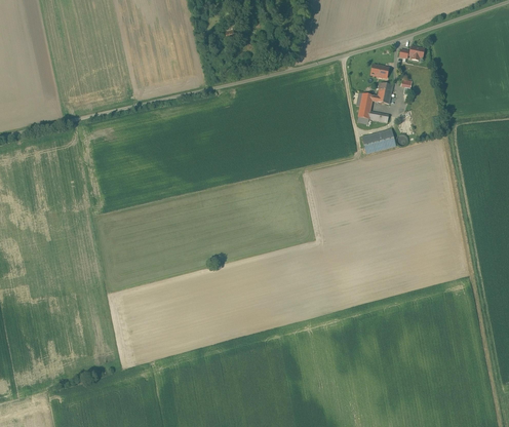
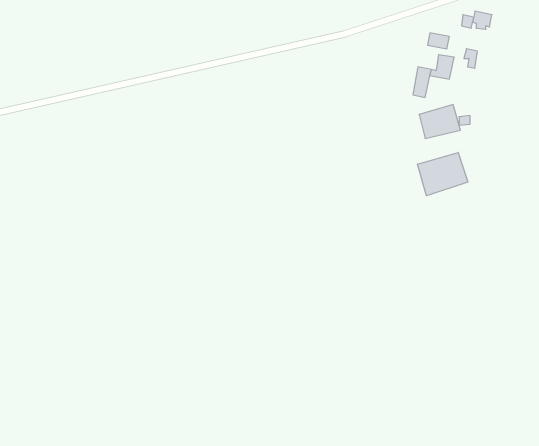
building: none -> [418,152,468,196]

